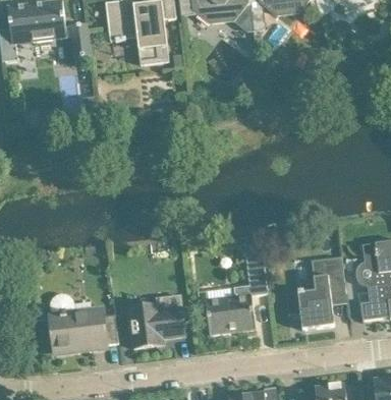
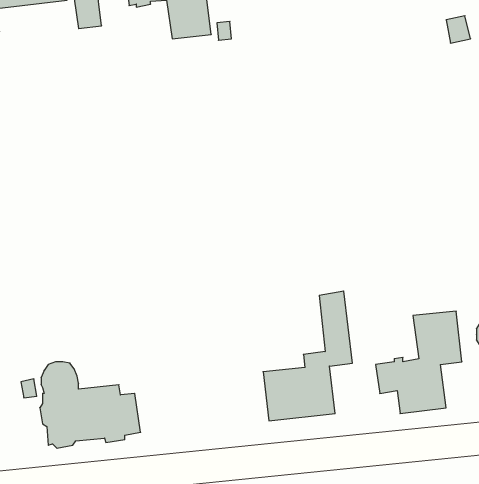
building: [127,293,184,347] -> none

